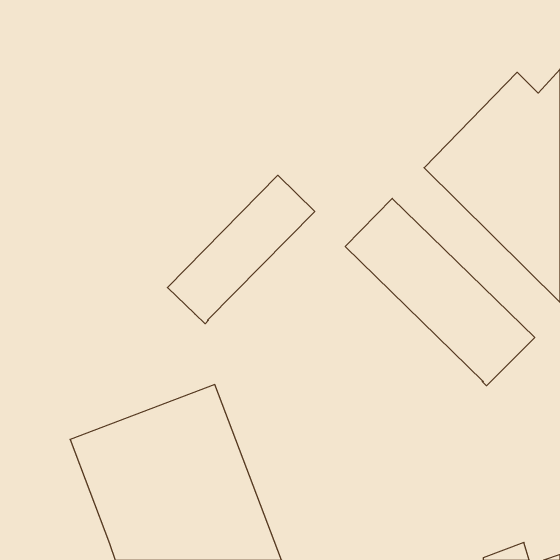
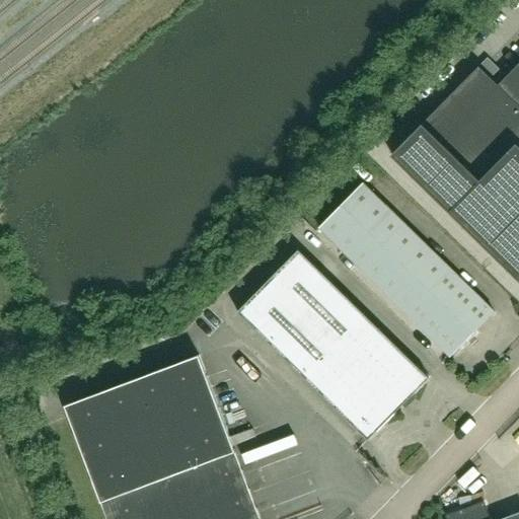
building: [167,175,315,324] -> none
building: none -> [237,250,429,440]

